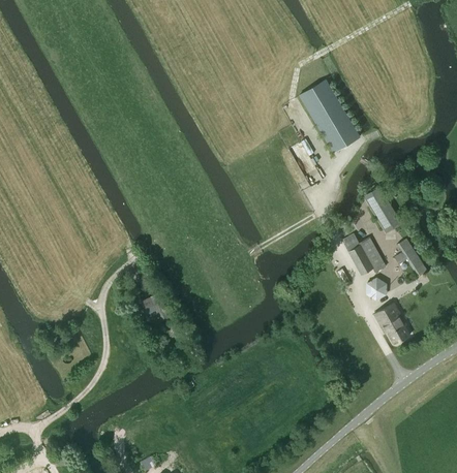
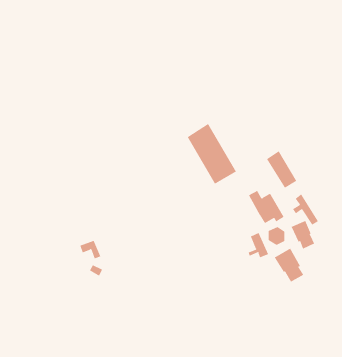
building: [300,80,360,153] -> [187,123,237,185]
building: none -> [291,220,315,249]
building: none -> [248,232,269,258]

